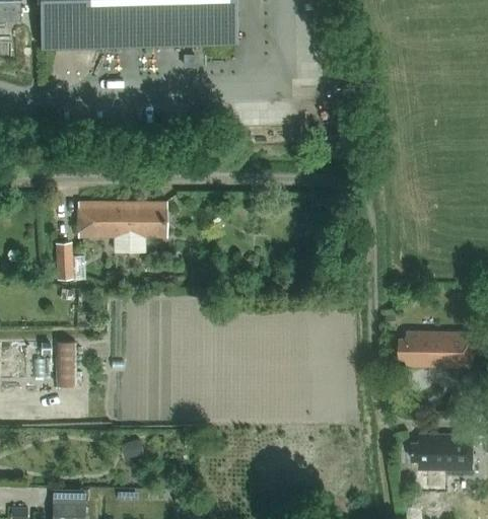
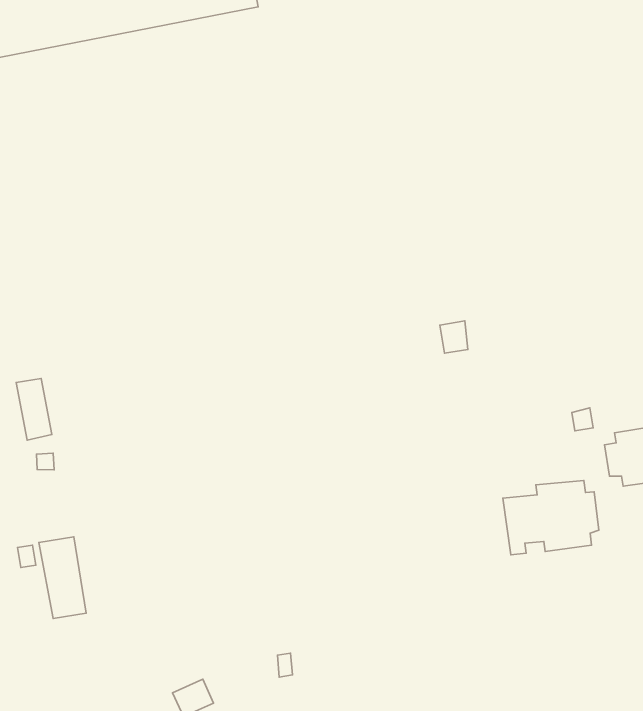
building: [80,203,163,236] -> none
building: none -> [503,480,599,555]

